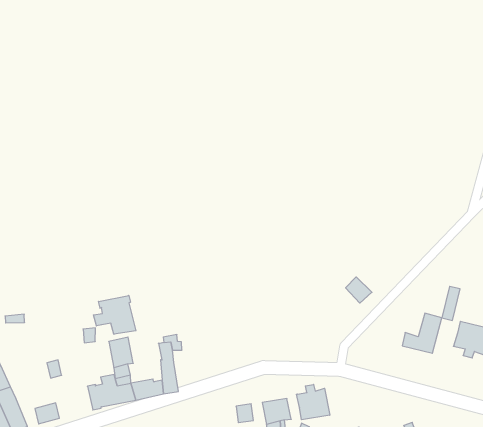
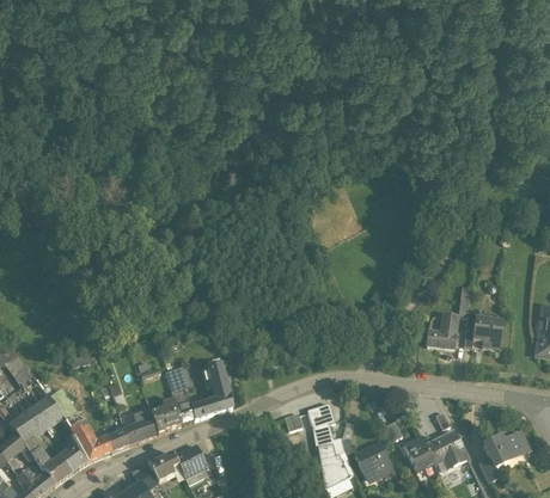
building: [93,295,136,334] -> none
building: none -> [124,410,155,443]
building: [296,384,330,420] -> none

